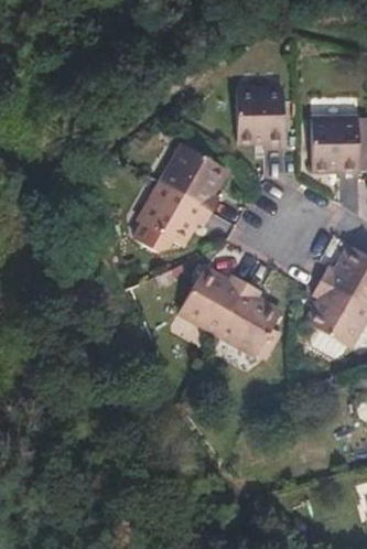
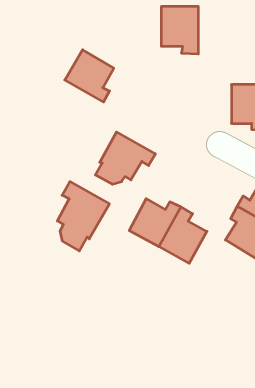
building: [236,92,284,153] -> [161,7,198,54]
building: [162,142,226,211] -> [65,50,114,102]
building: none -> [57,182,109,251]

